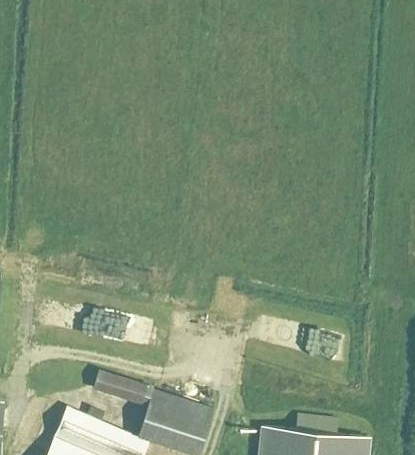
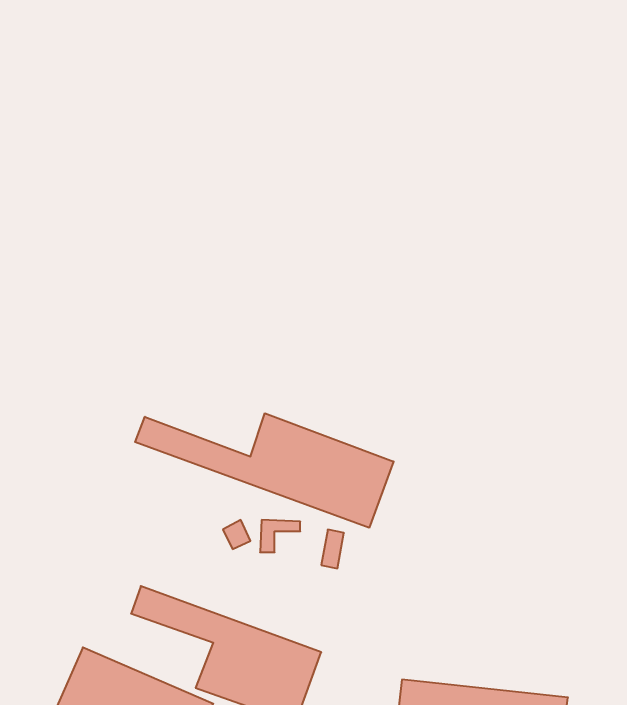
building: none -> [135,413,394,528]

